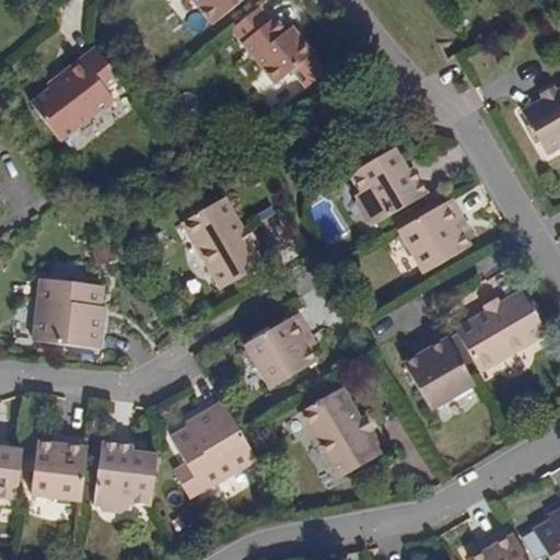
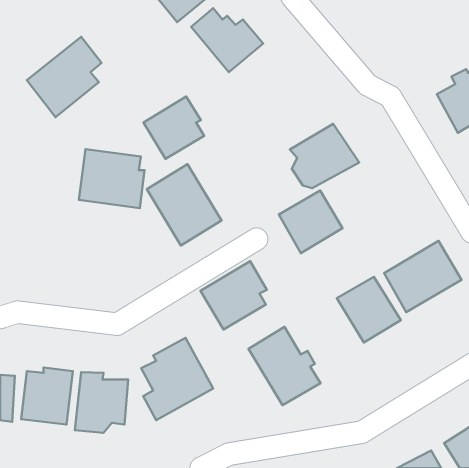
building: none -> [144,97,204,159]
building: [397,199,472,273] -> [279,190,342,253]
building: [28,280,106,350] -> [79,149,144,208]

